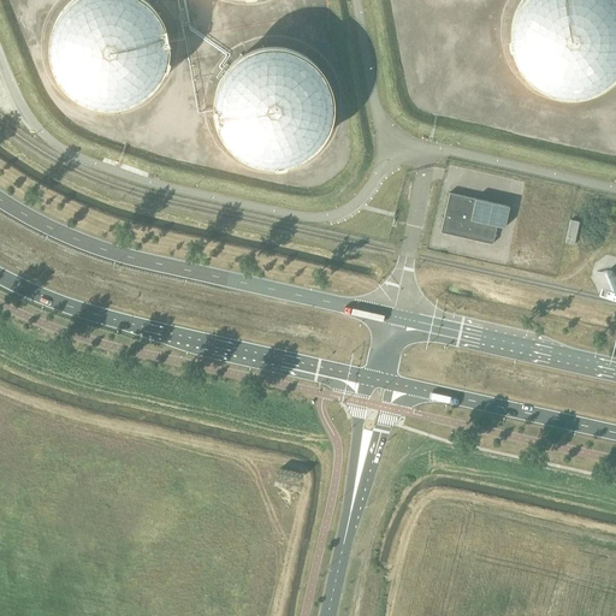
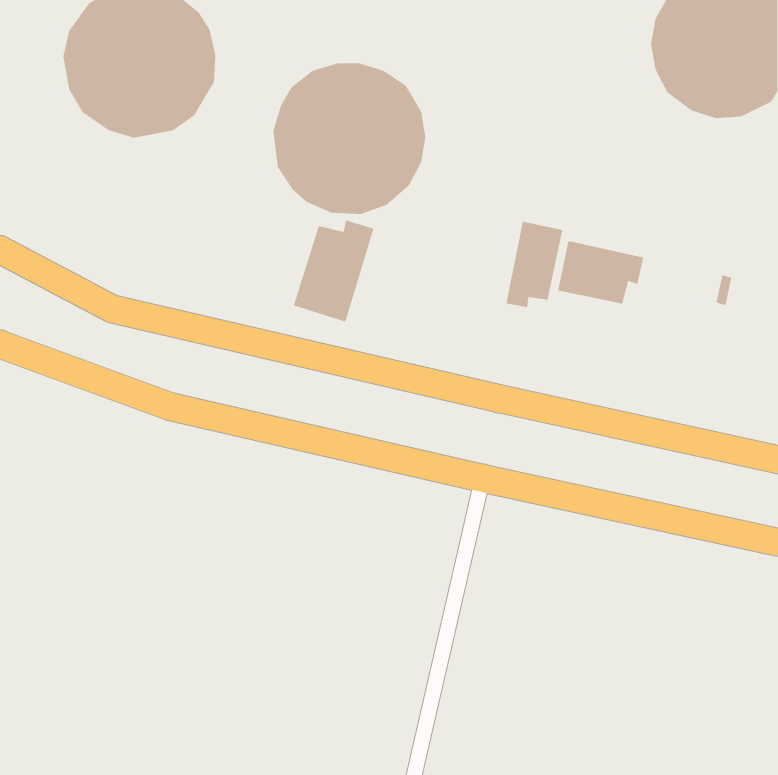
building: none -> [293,219,374,322]
building: none -> [505,221,563,308]

